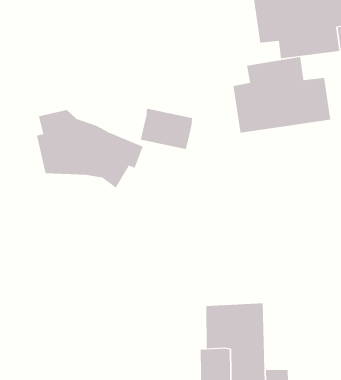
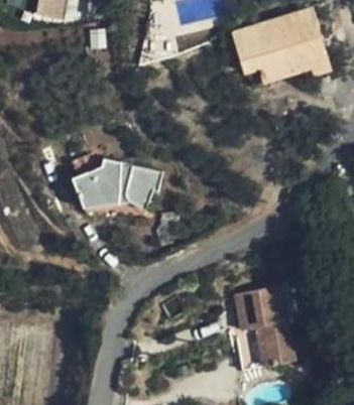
building: [233,56,331,133] -> none
building: [140,108,192,150] -> none

